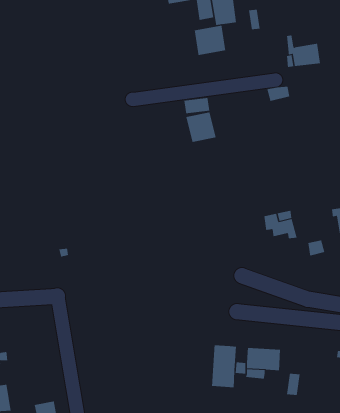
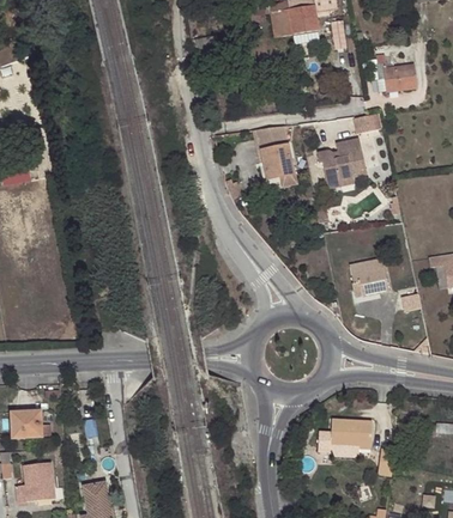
building: [194,25,226,56] -> none
building: none -> [316,138,367,189]
building: [212,345,237,388] -> none

